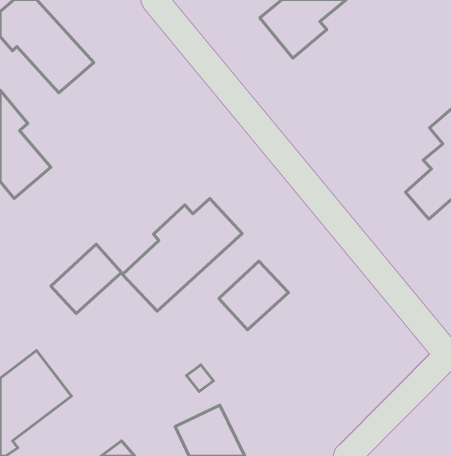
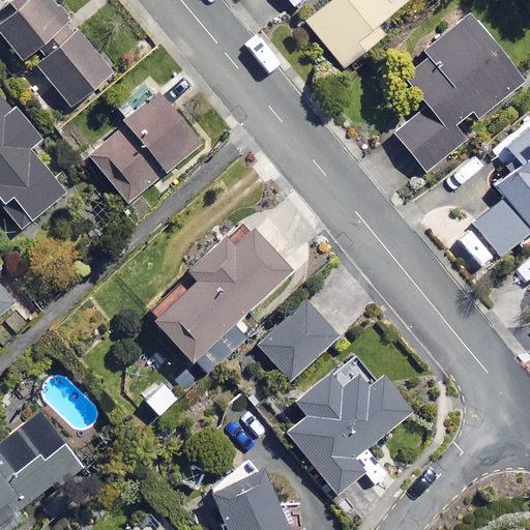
building: none -> [395,19,519,171]
building: none -> [87,94,198,204]
building: [51,244,121,314] -> none
building: none -> [286,374,410,495]

